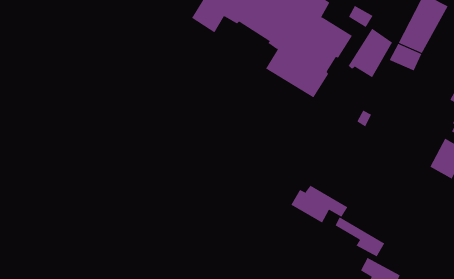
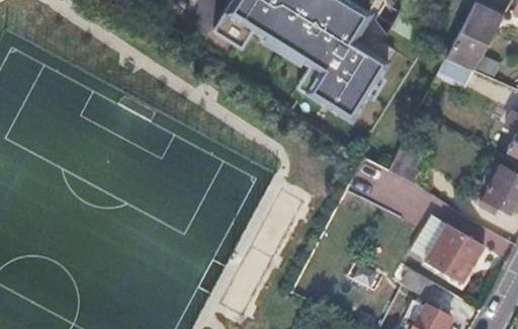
building: [348,28,393,78] -> none
building: [291,185,348,223] -> none
building: none -> [424,222,484,282]

